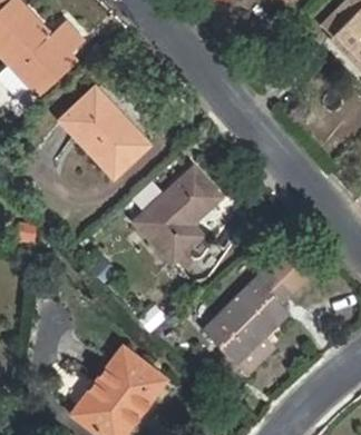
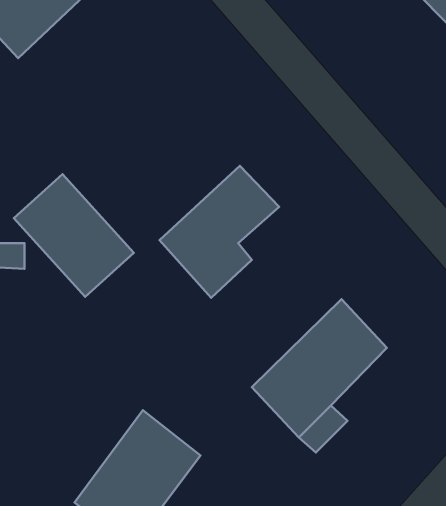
building: [61,87,149,177] -> [14,174,134,297]

